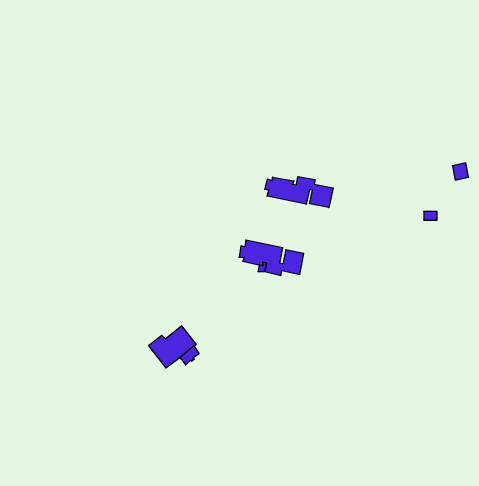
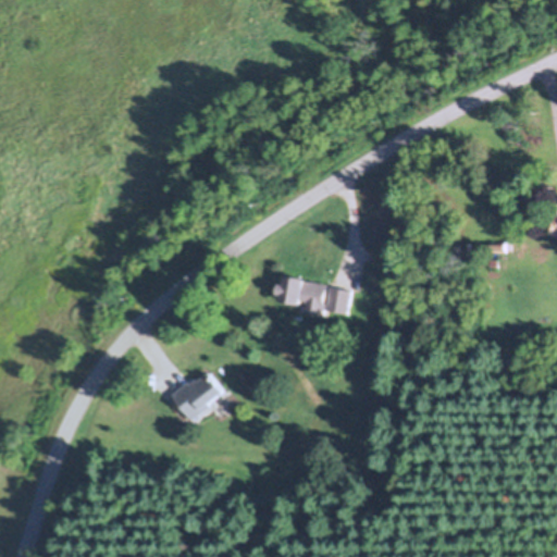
building: [265,177,333,208] -> none

